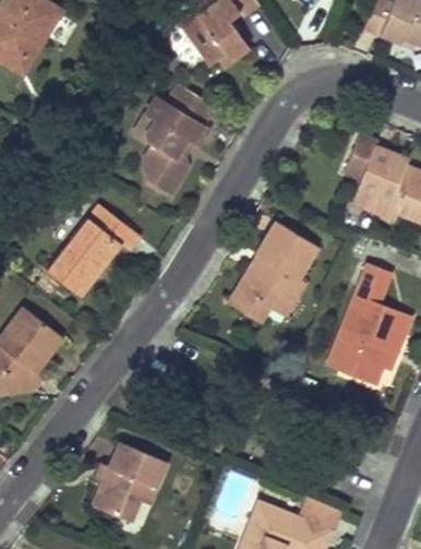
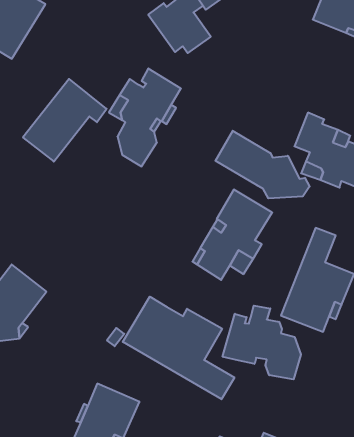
building: none -> [215,131,310,198]
building: [46,203,141,297] -> [23,79,107,162]
building: none -> [123,297,234,399]
building: none -> [223,306,301,379]

